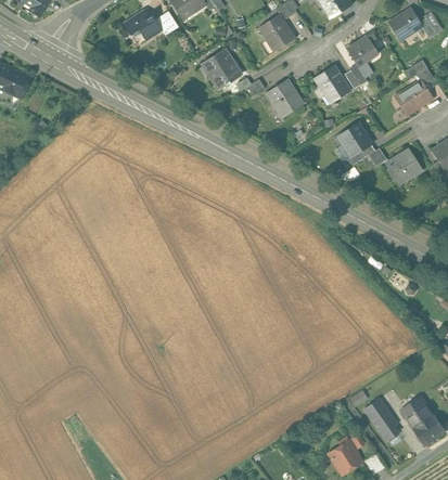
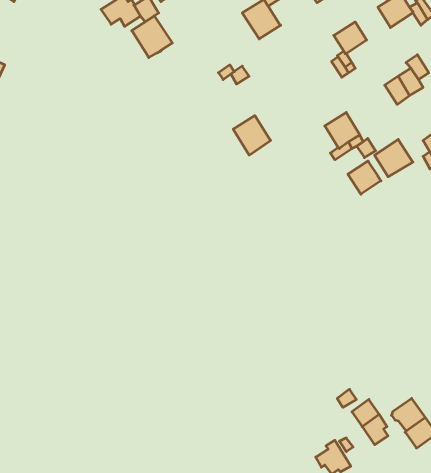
building: [202,49,241,89] -> [132,16,172,58]
building: [312,64,351,104] -> none
building: [267,79,303,117] -> [233,116,271,155]
building: none -> [348,161,381,194]

